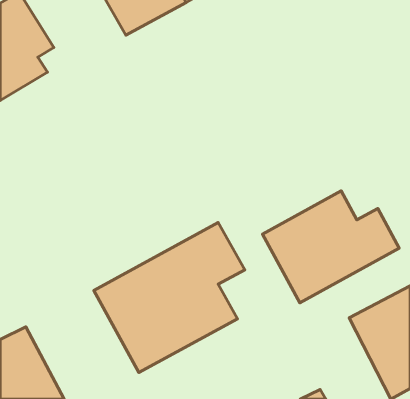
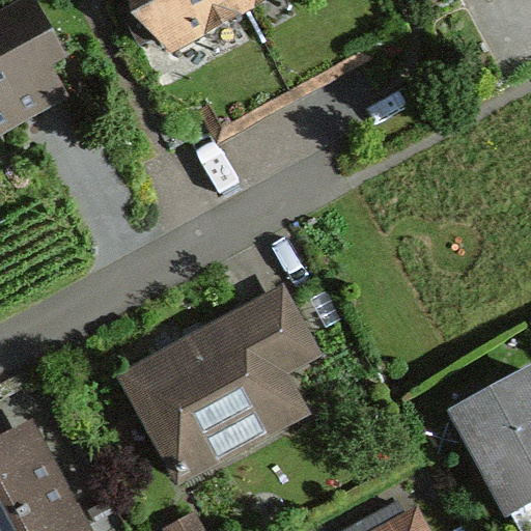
building: [263,191,399,303] -> none

